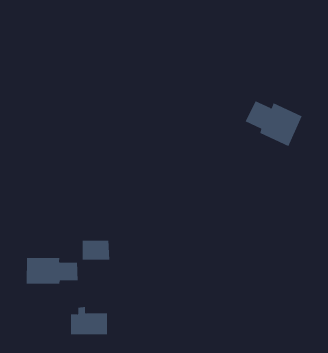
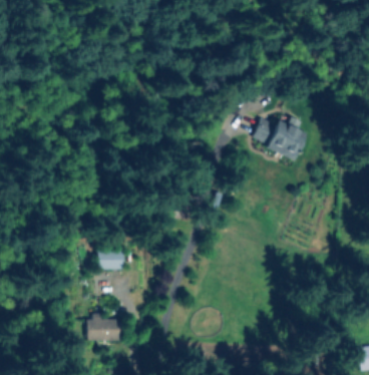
building: [26,257,78,285] -> none

